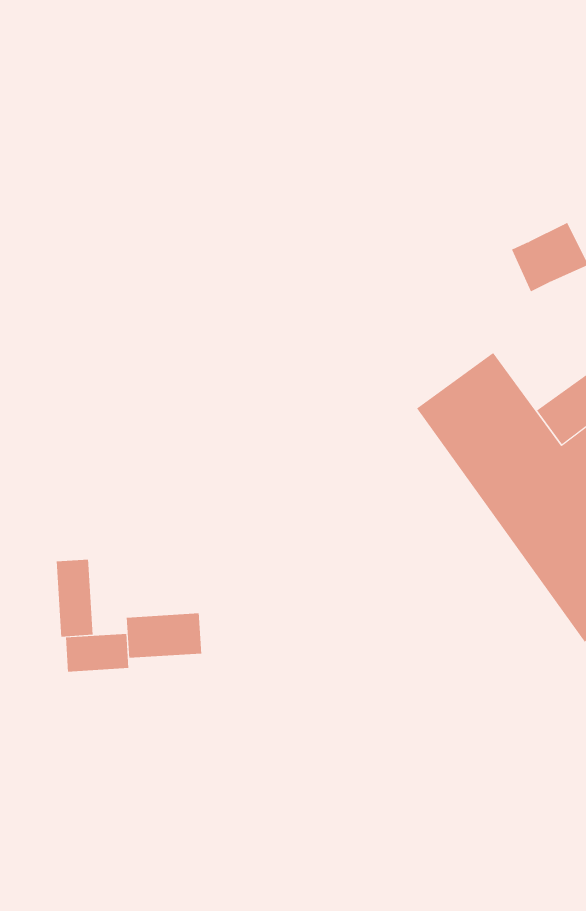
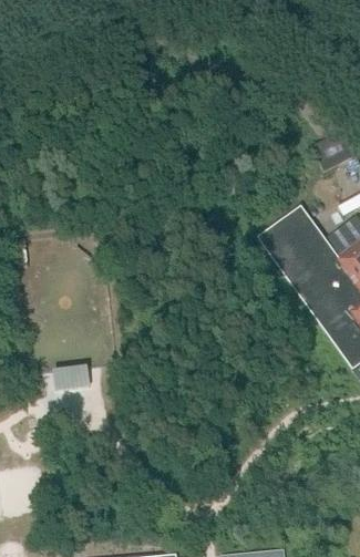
building: [56,559,93,638] -> none
building: [126,612,202,659] -> none

